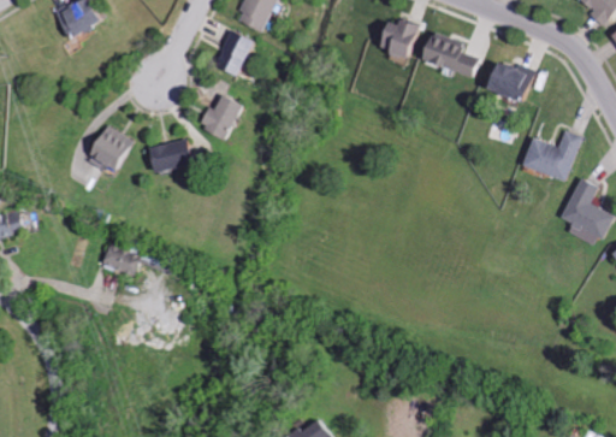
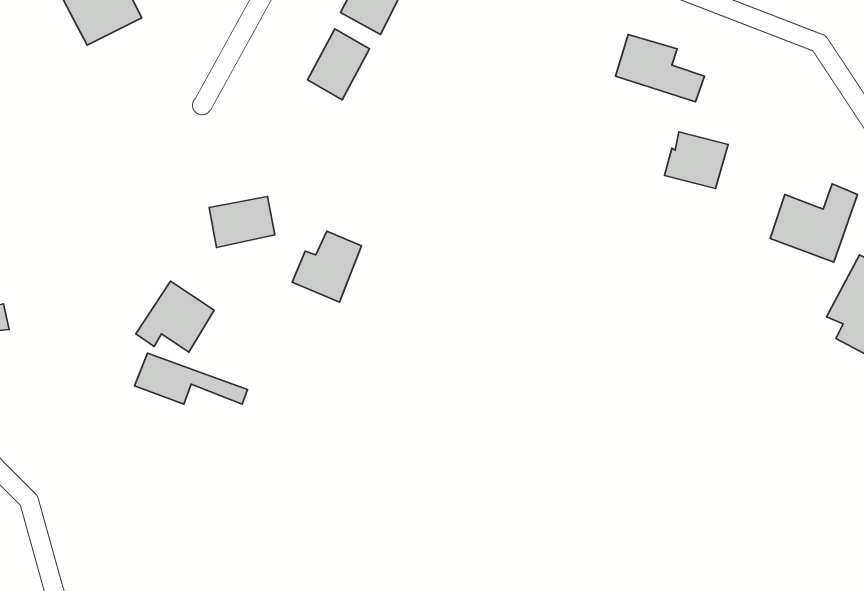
building: [377,17,424,58] -> none
building: [491,61,533,99] -> [664,132,728,188]
building: [200,93,245,140] -> [292,231,361,302]
building: [83,124,135,171] -> [136,281,214,352]

